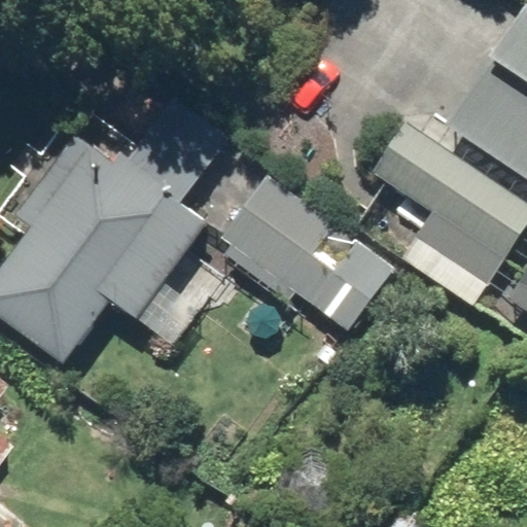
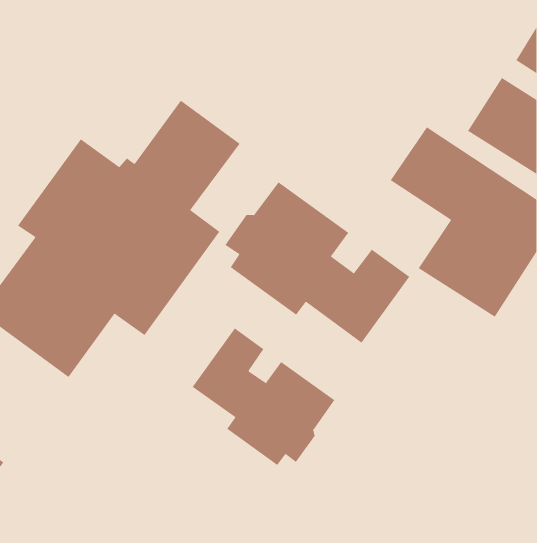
building: none -> [192,327,335,466]

